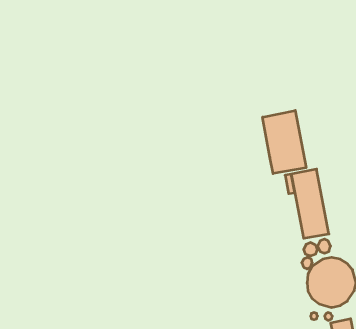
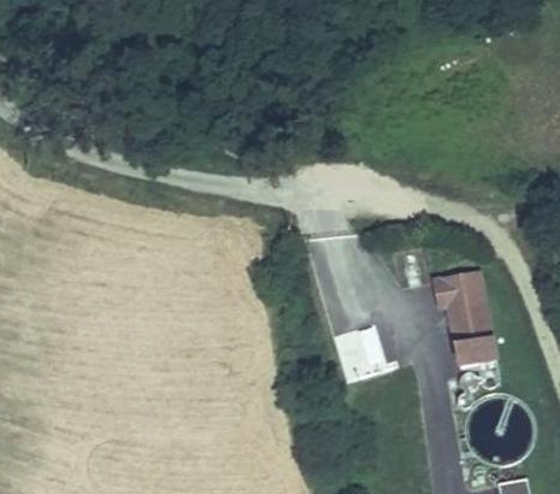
building: [263,110,306,174] -> none

